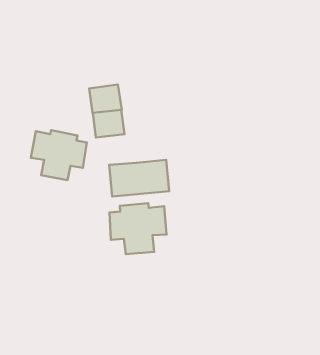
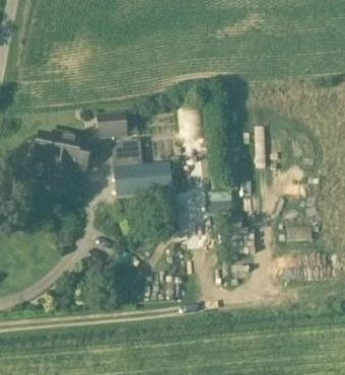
building: [89,84,122,113] -> [111,137,143,165]
building: [109,203,167,254] -> none

